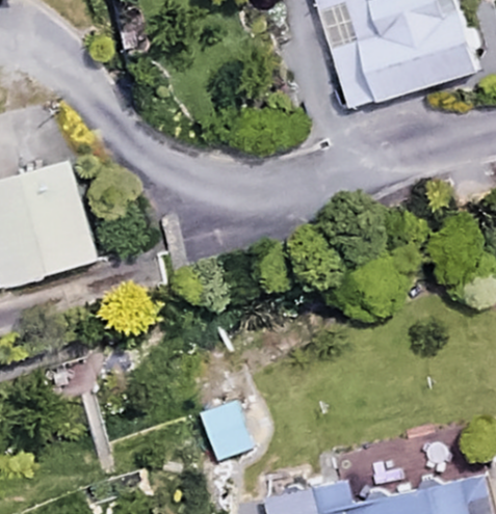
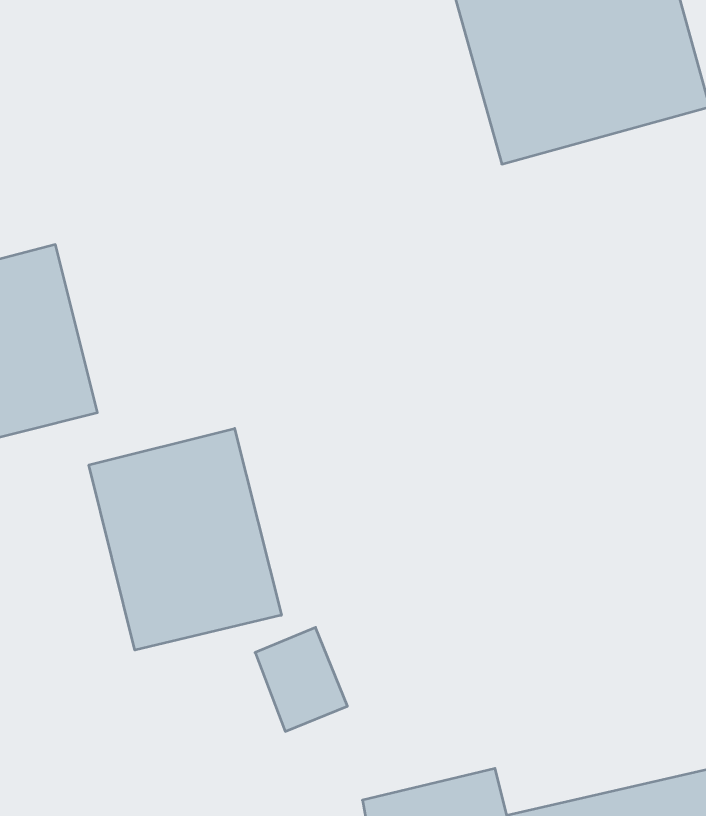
building: none -> [89,428,281,650]

